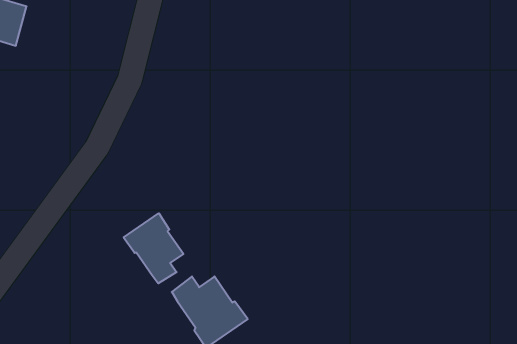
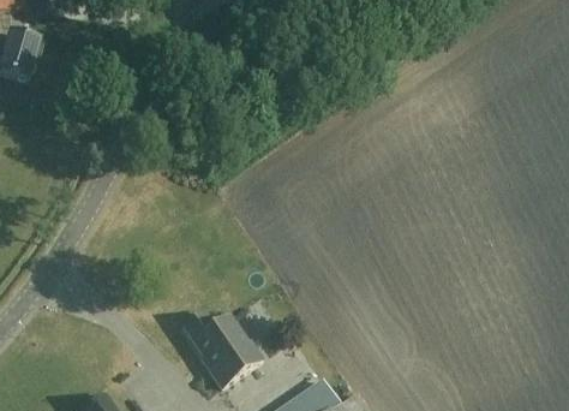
building: [124,213,183,283] -> none

